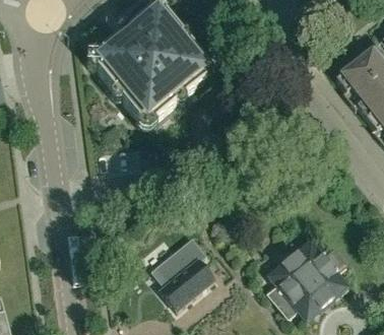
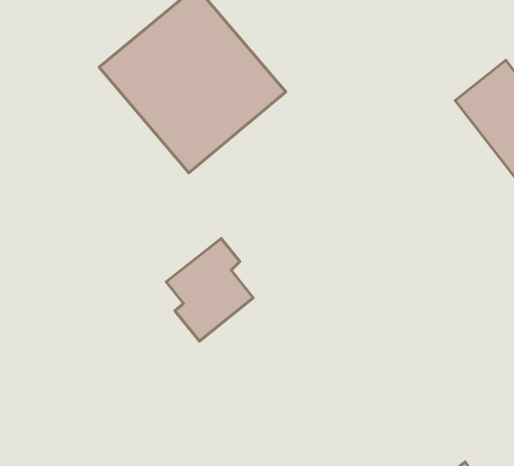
building: [153,238,214,310] -> [166,238,253,341]
building: [269,239,348,319] -> none

